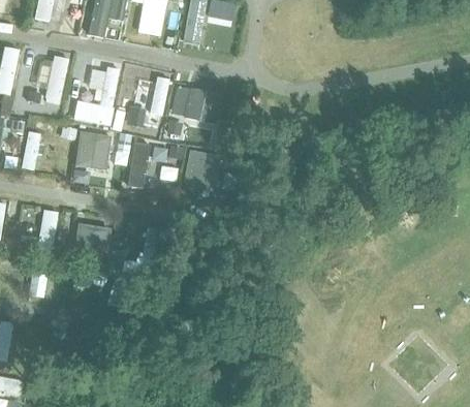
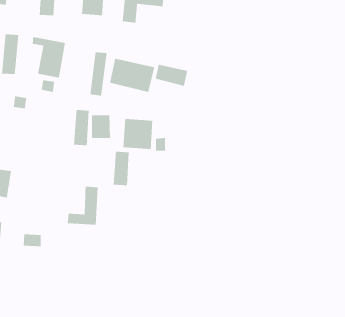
building: none -> [155,64,188,87]
building: [75,132,109,170] -> none
building: none -> [113,151,130,186]
building: [74,224,108,255] -> none

